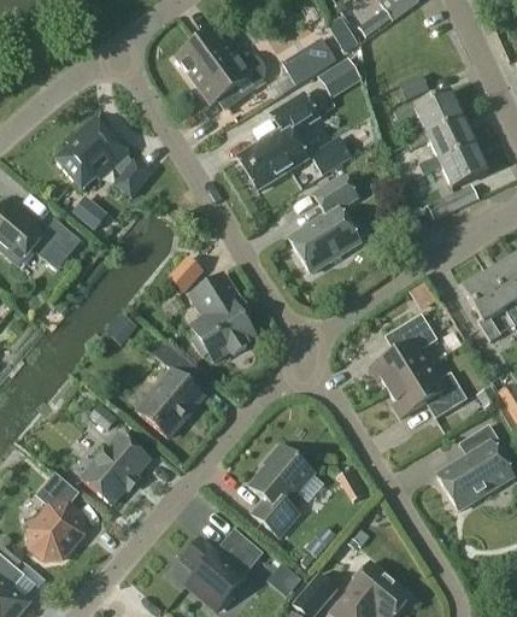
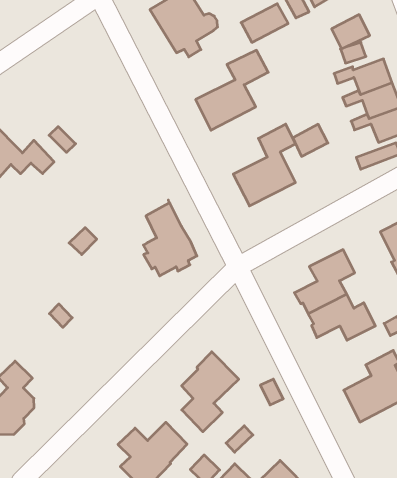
building: [318,57,363,98] -> [332,15,370,49]
building: [54,114,152,196] -> none
building: [311,136,352,175] -> [293,124,328,156]
building: [164,253,204,292] -> none
building: [139,341,204,436] -> none
building: [82,434,149,504] -> none

